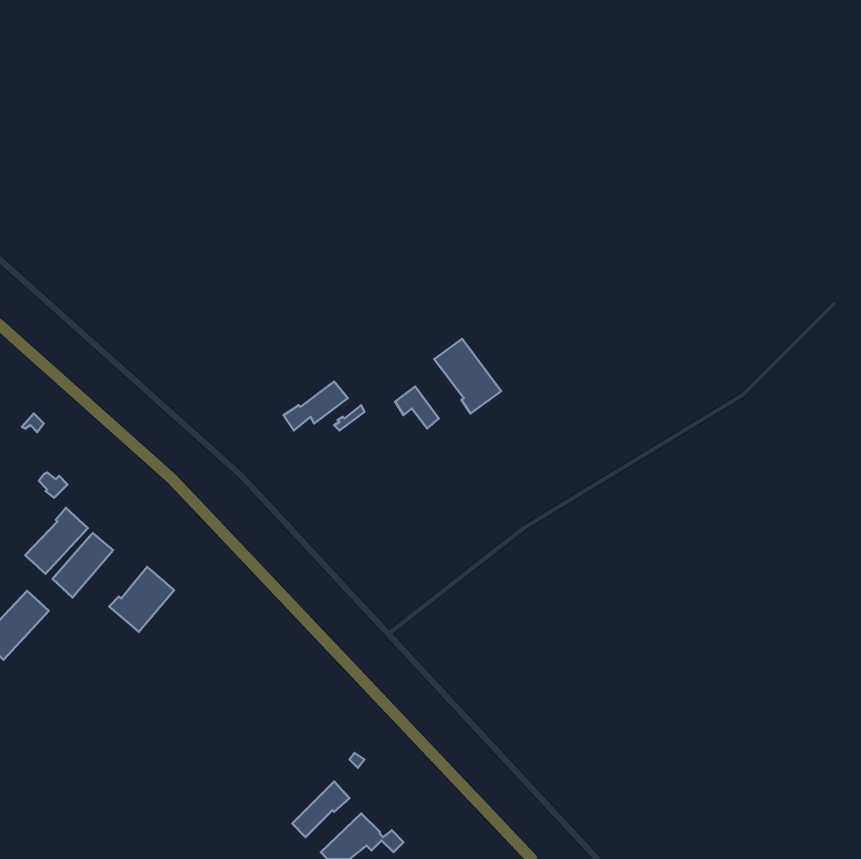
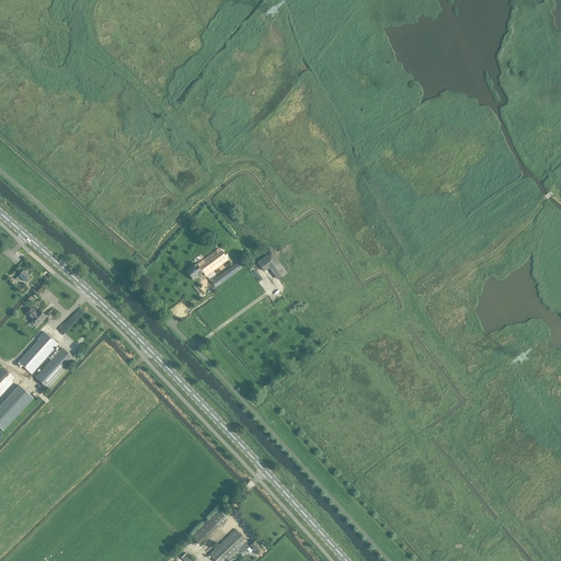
building: [434,339,501,414] -> none
building: [109,567,174,632] -> none

